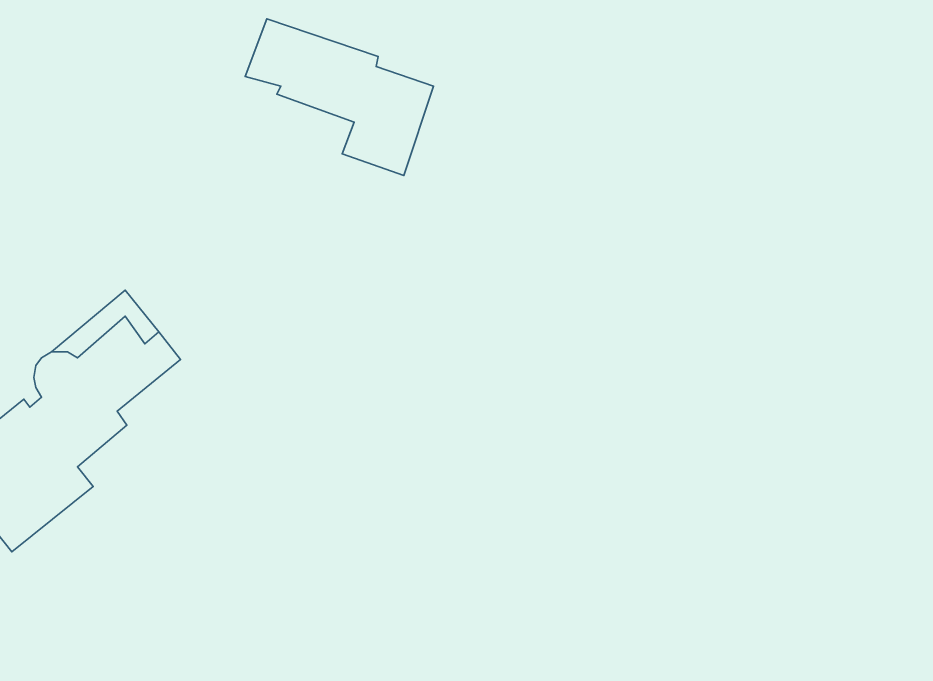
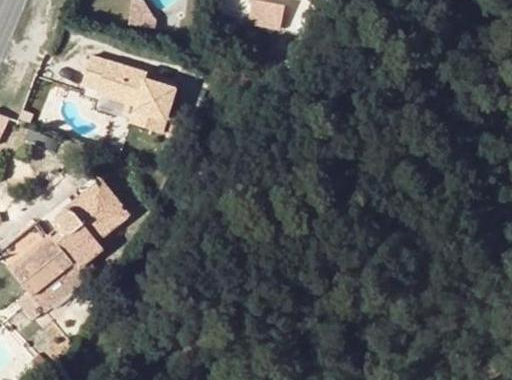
building: [245,19,434,176] -> [79,54,174,133]

